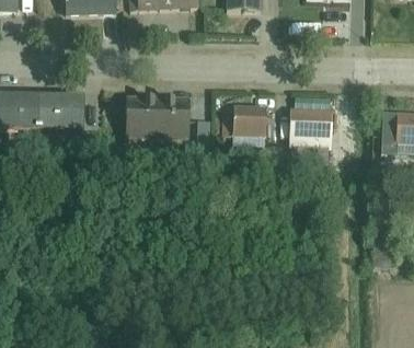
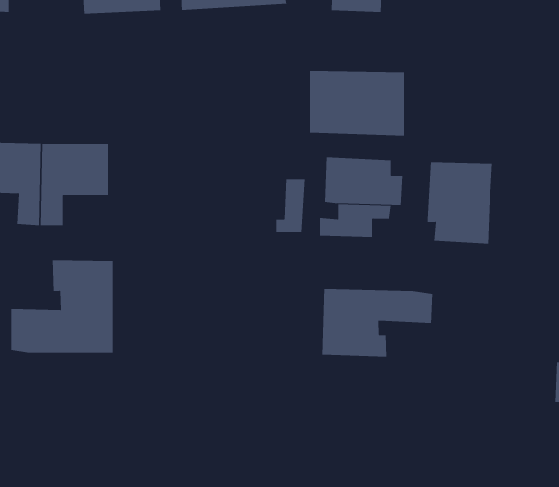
building: [126,97,188,140] -> [309,70,405,136]
building: none -> [11,260,113,353]
building: none -> [322,288,433,358]

